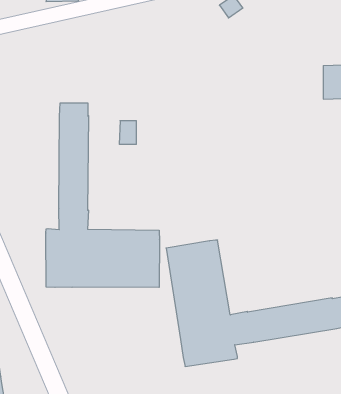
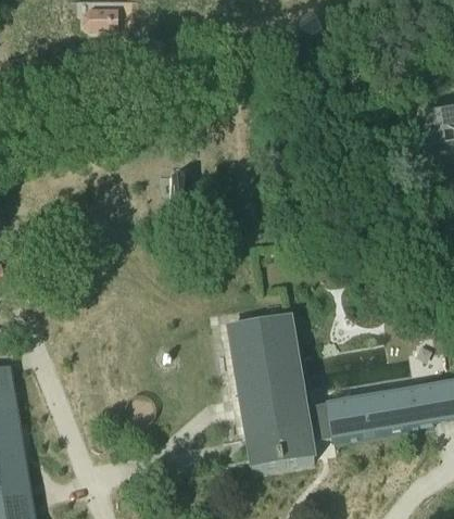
building: [46,103,159,287] -> none

